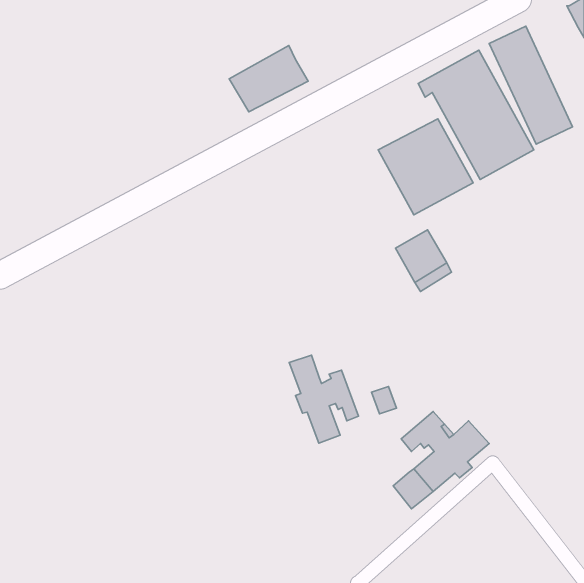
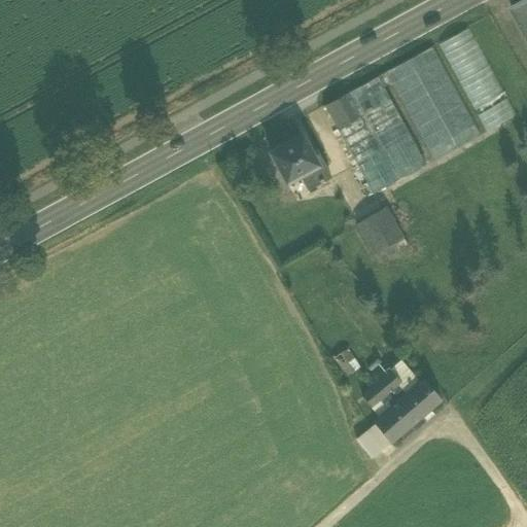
building: [229,46,308,112] -> [323,75,394,135]
building: none -> [270,135,330,189]
building: [289,355,358,443] -> none

